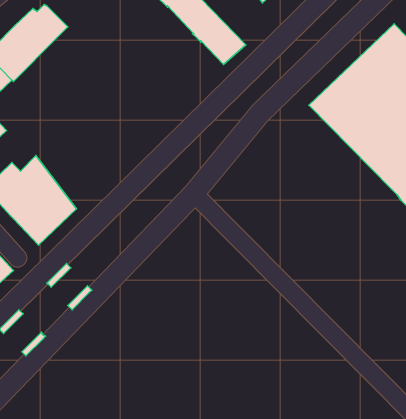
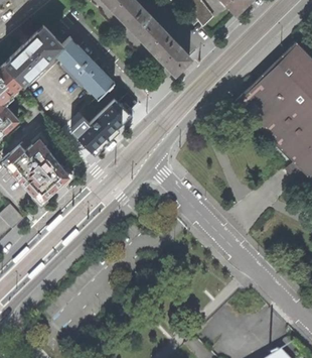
building: none -> [54,37,113,97]
building: none -> [70,93,135,152]

